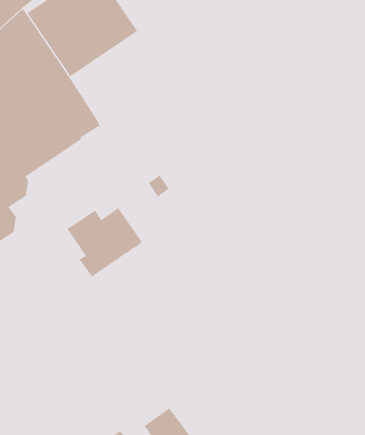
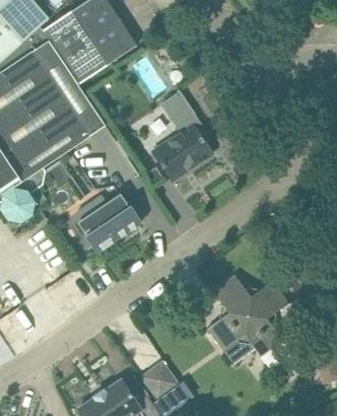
building: none -> [153,87,212,180]
building: none -> [206,273,291,367]

